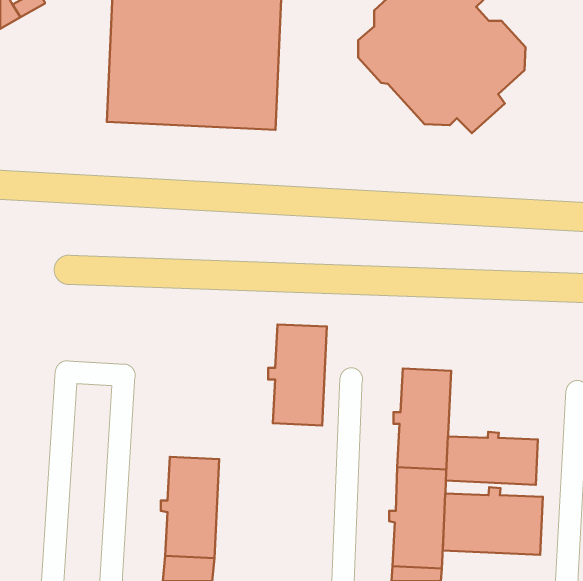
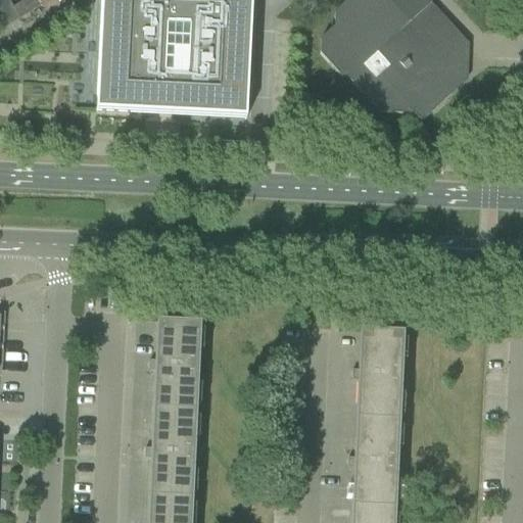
building: [268,324,327,425] -> [150,319,202,409]
building: [446,432,538,485] -> none
building: [443,487,543,555] -> none

